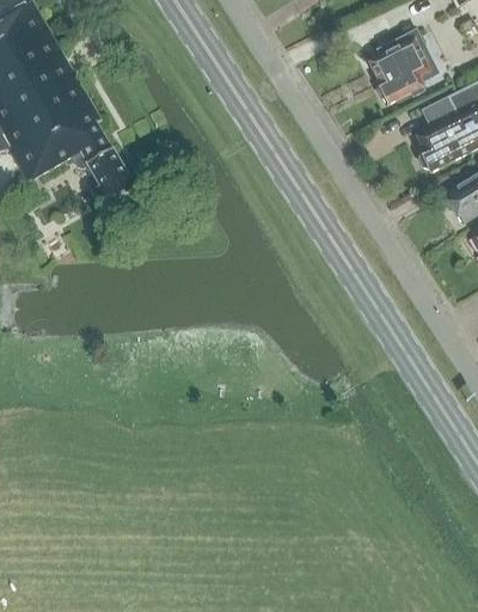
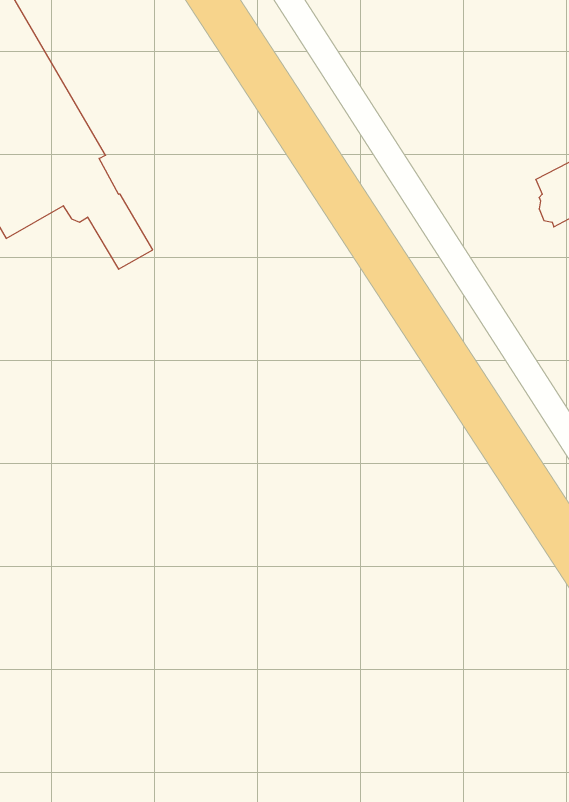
building: [368,29,433,104] -> none

